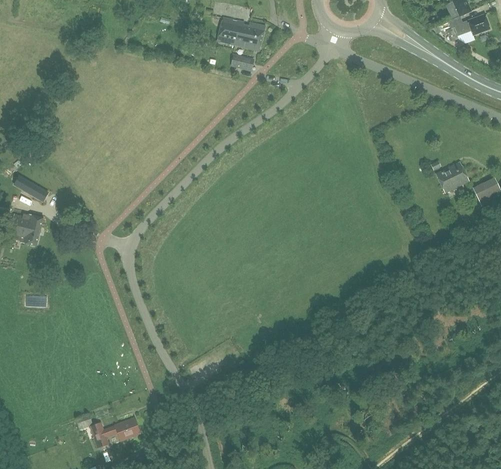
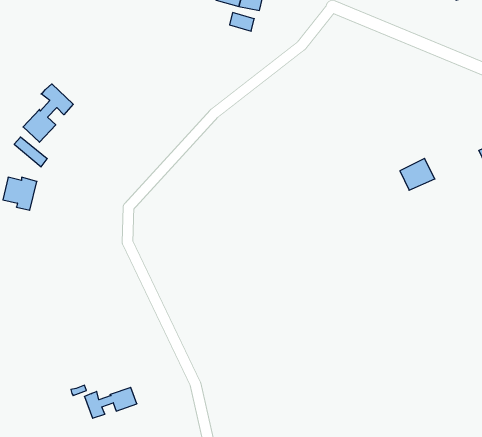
building: none -> [23,84,73,142]
building: [435,161,469,192] -> [400,158,435,190]

